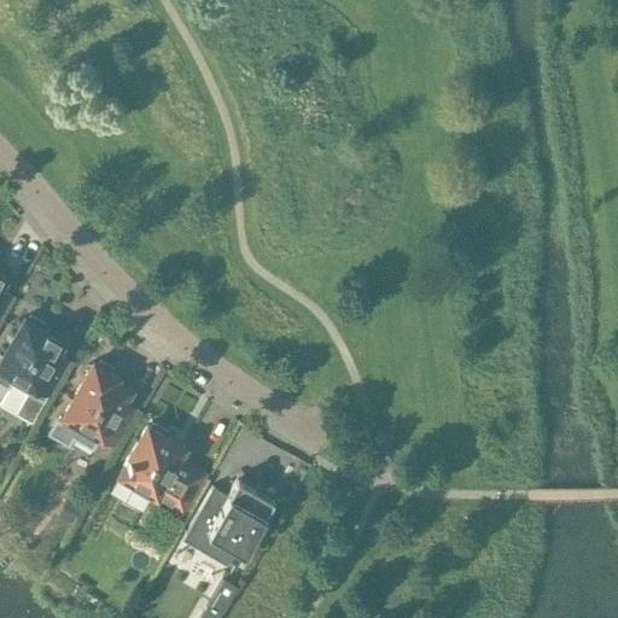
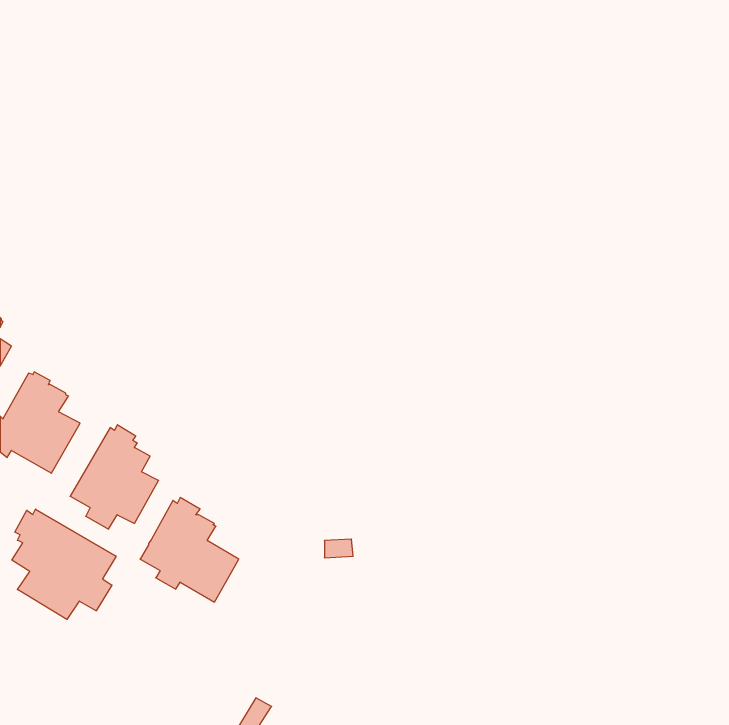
building: none -> [12,509,116,619]
building: [186,482,274,567] -> none

